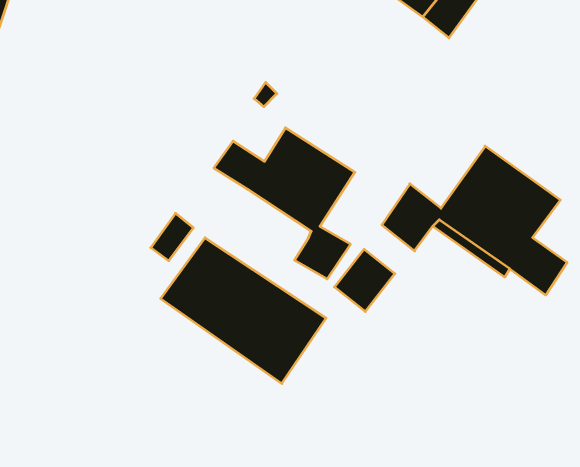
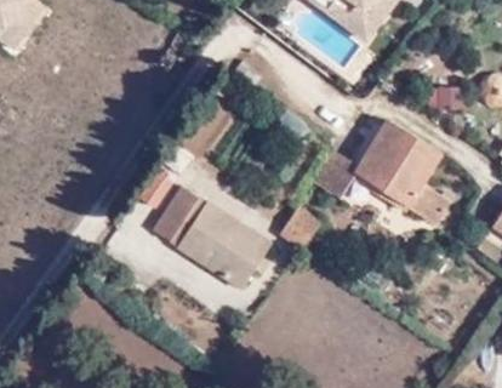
building: [214,128,355,279] -> none

